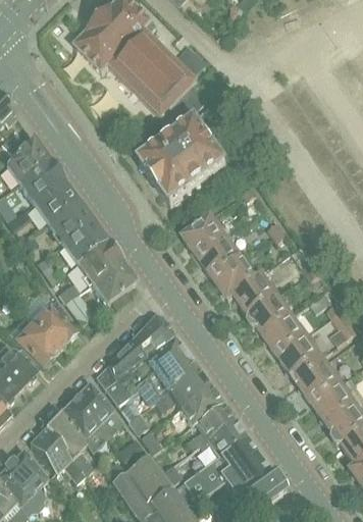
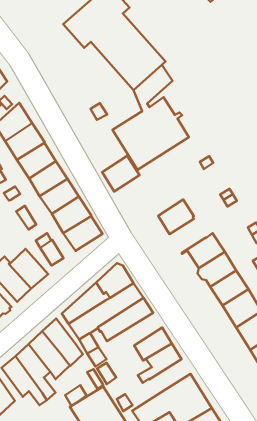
building: [184,215,226,257] -> [102,156,139,192]
building: [213,258,255,298] -> none
building: [149,368,211,411] -> none
building: [200,419,247,455] -> none

